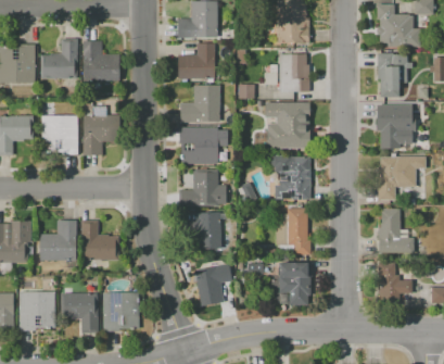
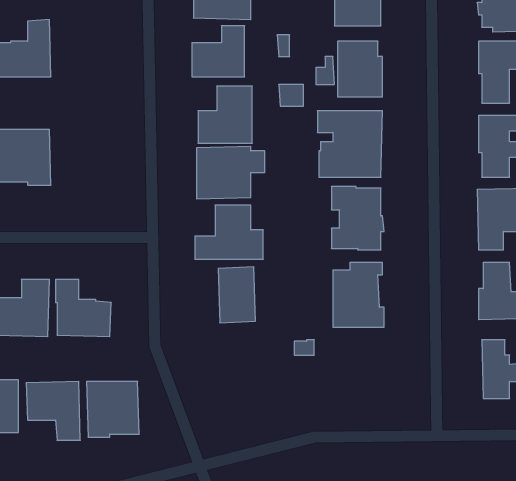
building: [83,40,120,79] -> none
building: [81,105,122,155] -> none
building: [280,263,310,305] -> none
building: [195,264,232,305] -> none

